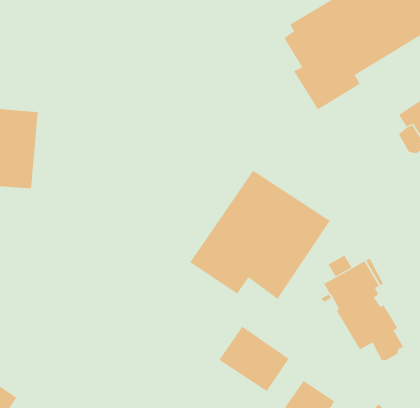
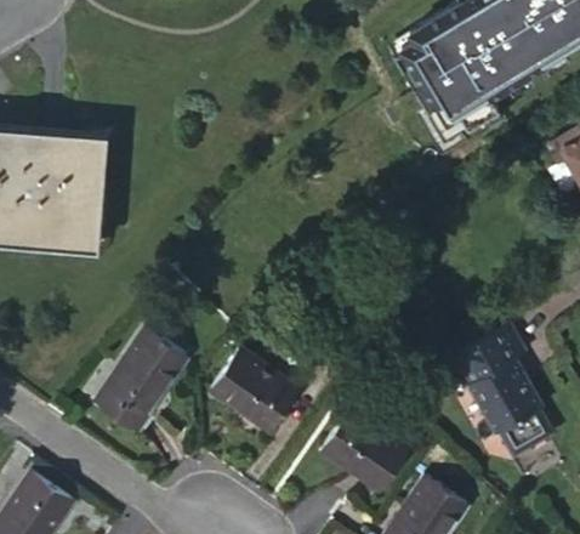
building: [189,170,330,300] -> none
building: none -> [96,329,184,430]
building: none -> [210,347,298,430]

